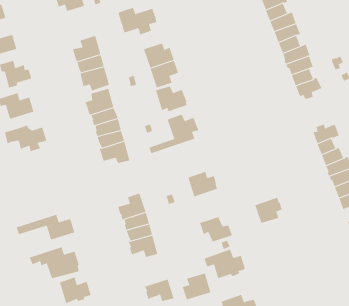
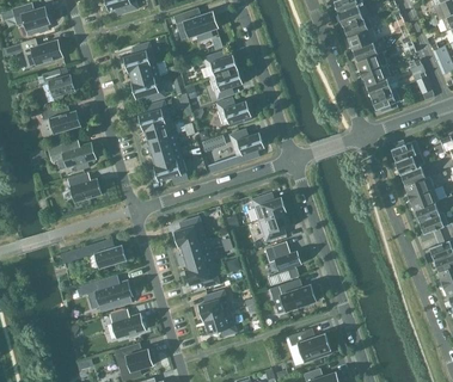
building: none -> [67,173,102,203]
building: [254,197,282,224] -> [258,211,289,241]
building: [182,273,211,300] -> [197,290,229,320]

